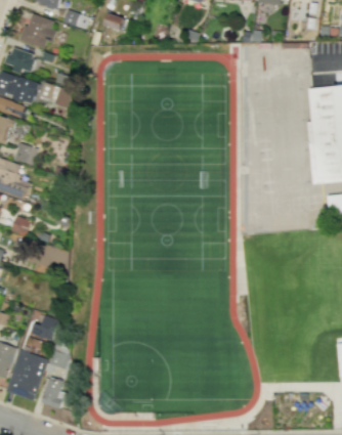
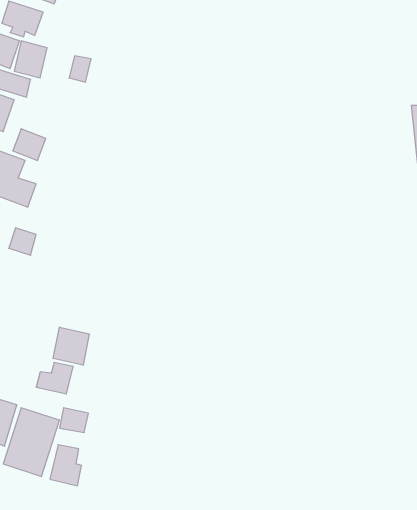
building: none -> [53,327,89,365]

